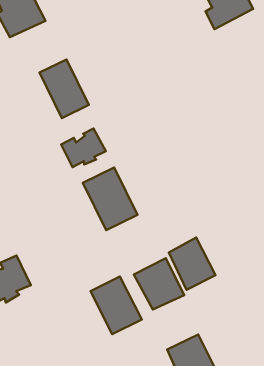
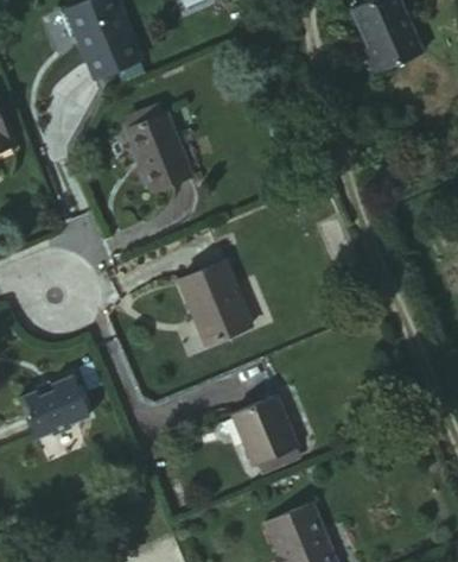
building: [61,129,106,167] -> none
building: [169,237,216,290] -> none
building: [91,276,142,334] -> none

